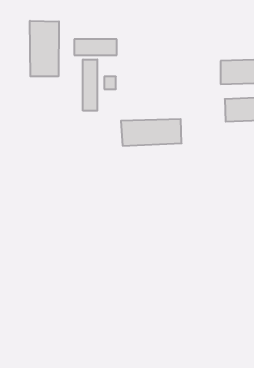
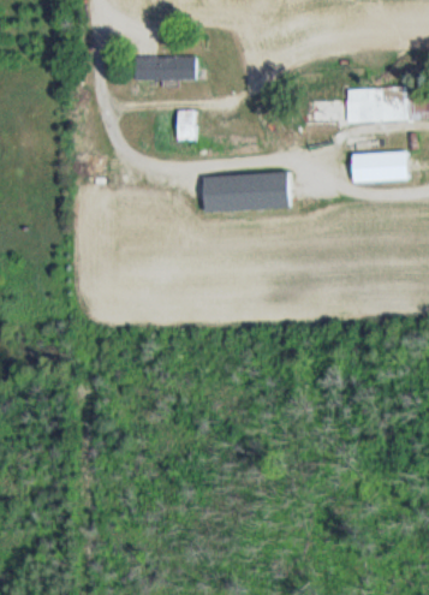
building: [30,21,59,76] -> none
building: [83,59,97,111] -> none

